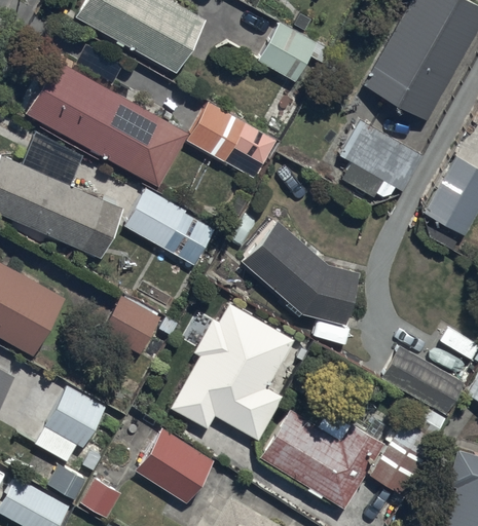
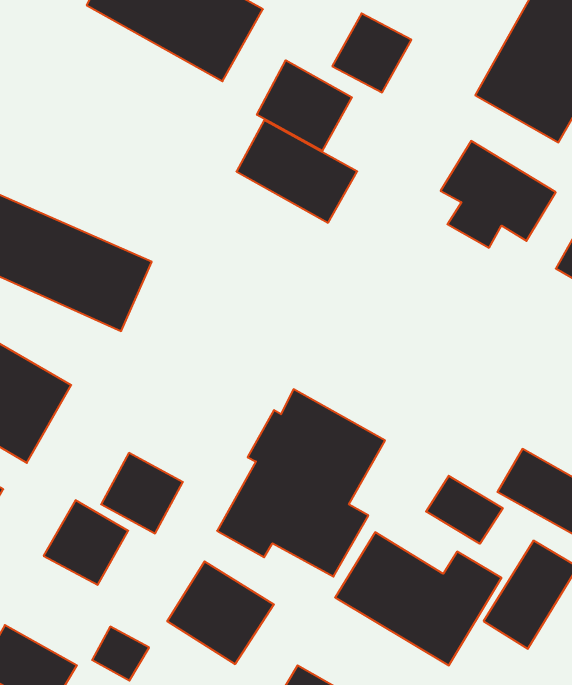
building: none -> [257,60,352,151]
building: [26,61,189,187] -> none
building: [124,188,215,263] -> none
building: [241,220,361,326] -> none
building: [102,296,162,355] -> [101,453,183,533]
building: none -> [426,476,503,544]

